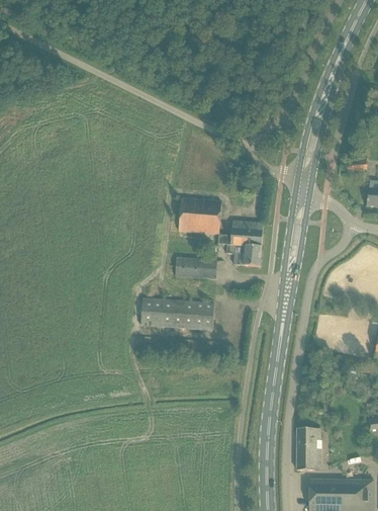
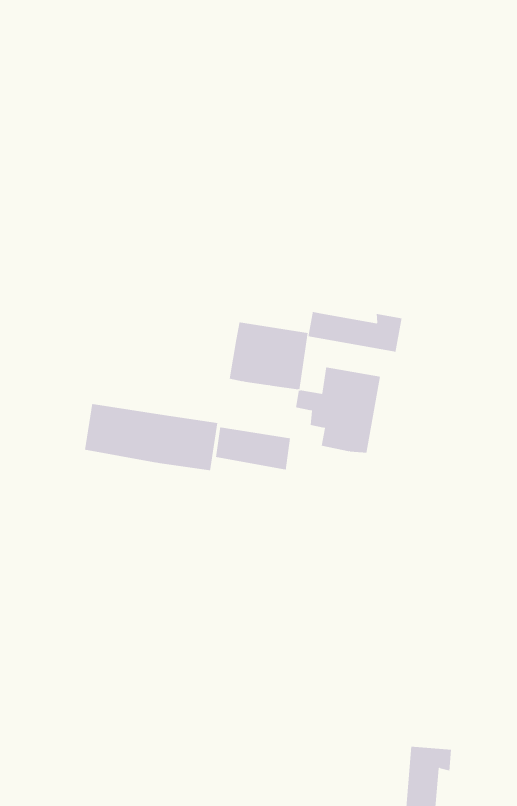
building: none -> [308,311,402,353]
building: [140,297,214,330] -> [84,403,218,471]

